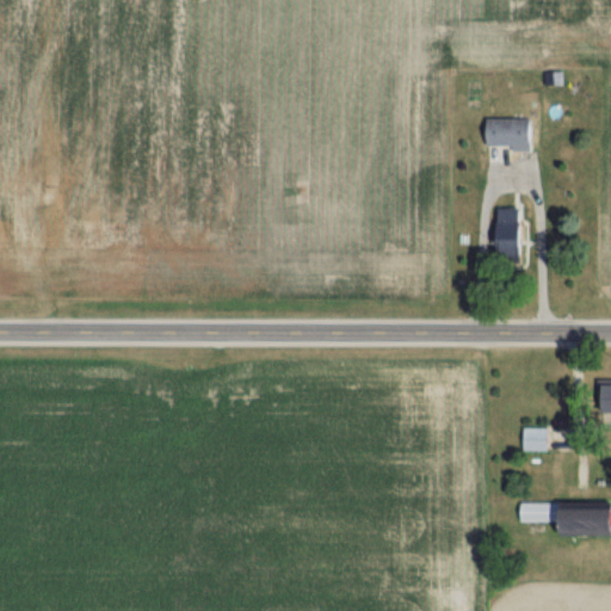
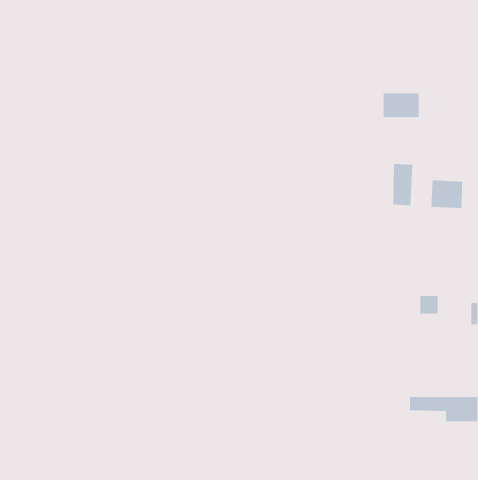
building: none -> [431,180,463,209]
building: [524,427,548,451] -> [420,295,438,314]

